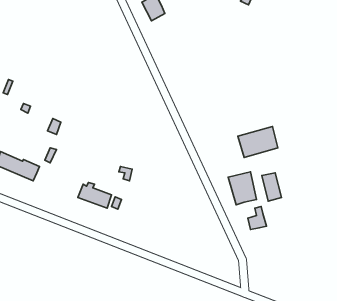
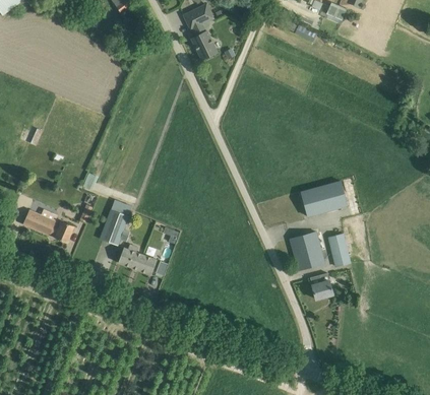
building: none -> [100,199,133,246]

